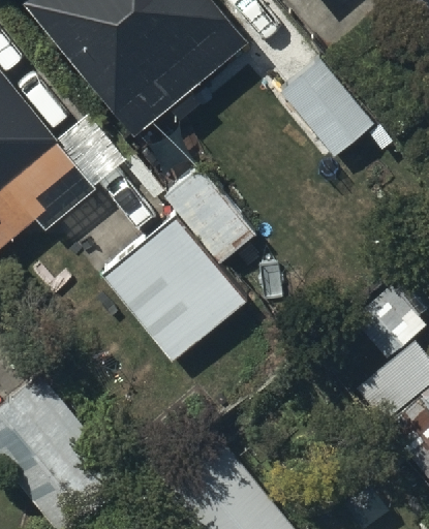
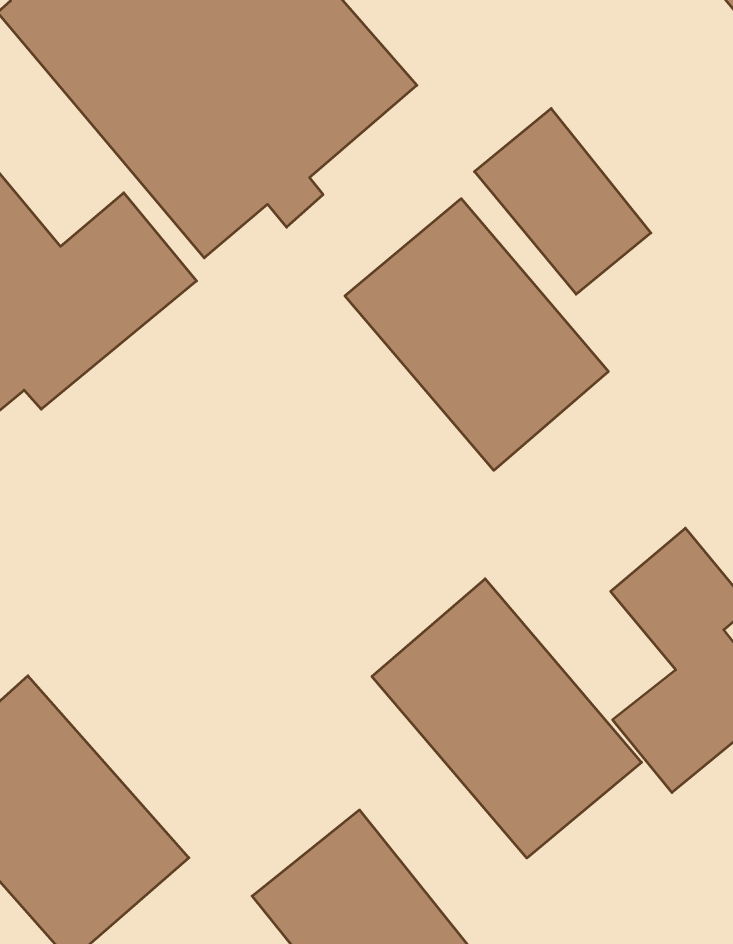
building: none -> [345,199,608,470]
building: [101,207,246,352] -> none
building: none -> [372,579,642,858]

